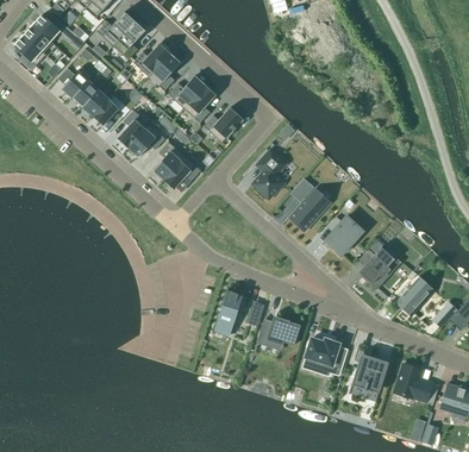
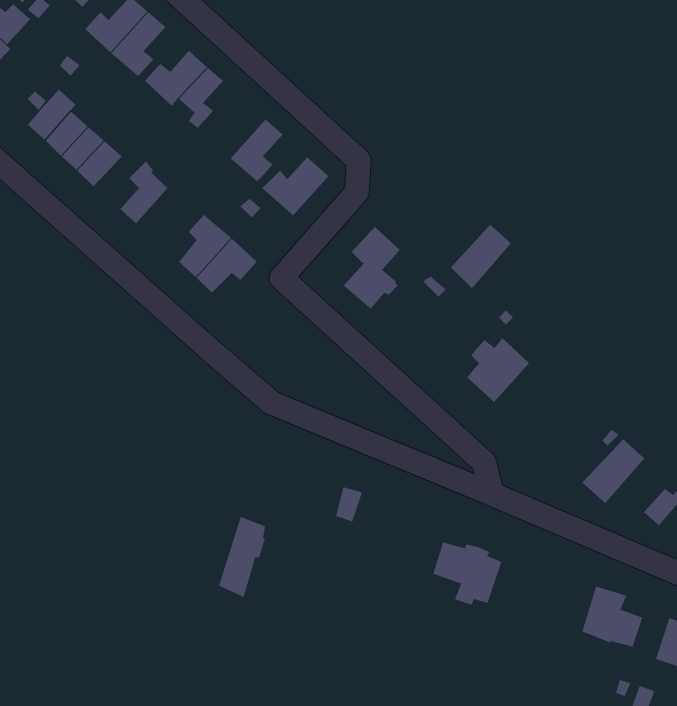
building: [168,75,205,108] -> none
building: [127,124,164,157] -> none
building: [289,192,326,231] -> [450,224,512,289]
building: [357,246,398,283] -> none
building: [213,289,242,338] -> [218,516,266,598]
building: [258,319,300,345] -> none
building: [348,353,388,402] -> none

